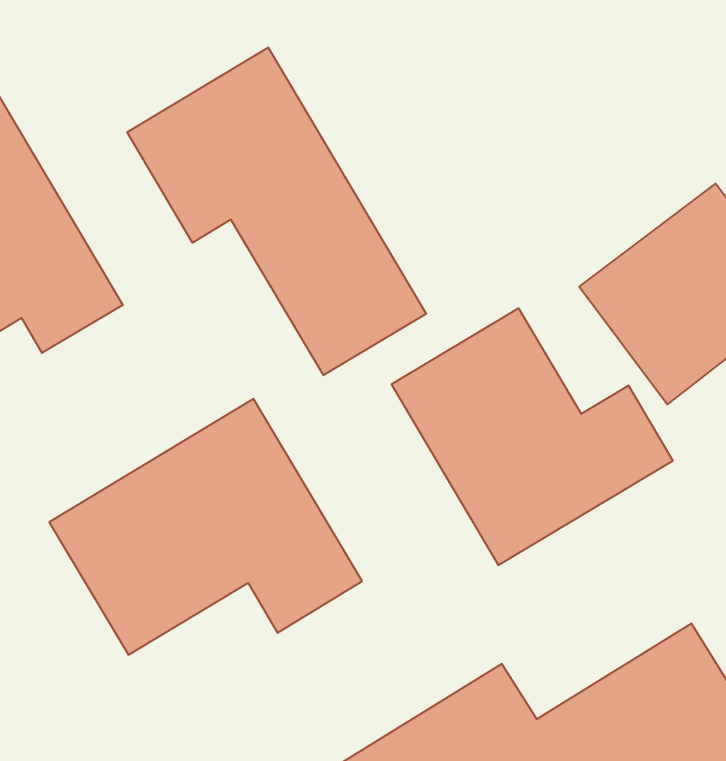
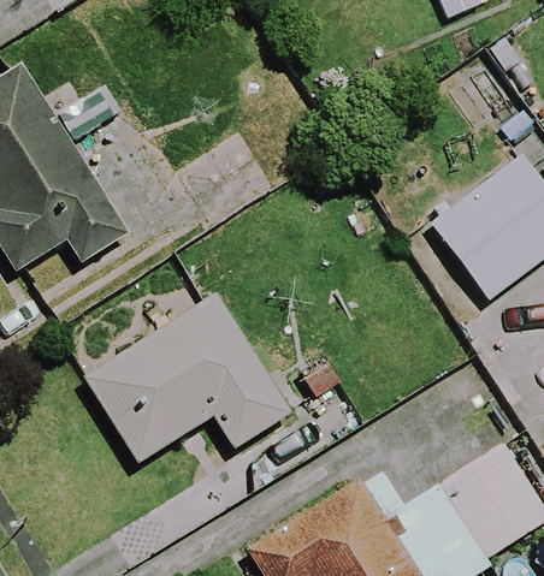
building: [127,47,426,375] -> none
building: [392,308,673,565] -> none

